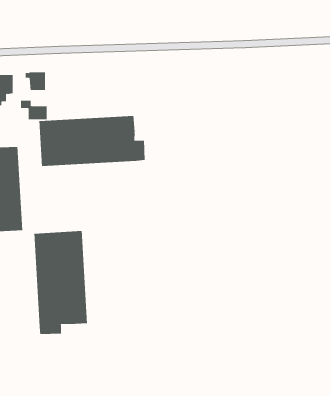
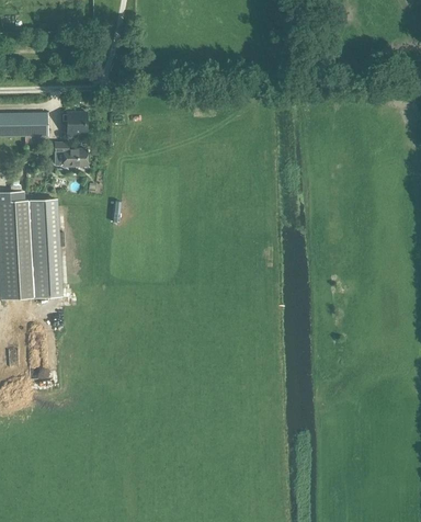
building: [39,115,145,167] -> none
building: [34,230,87,335] -> none

